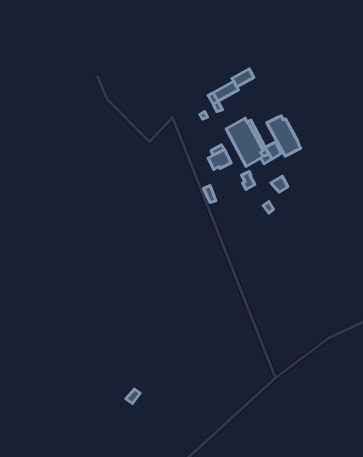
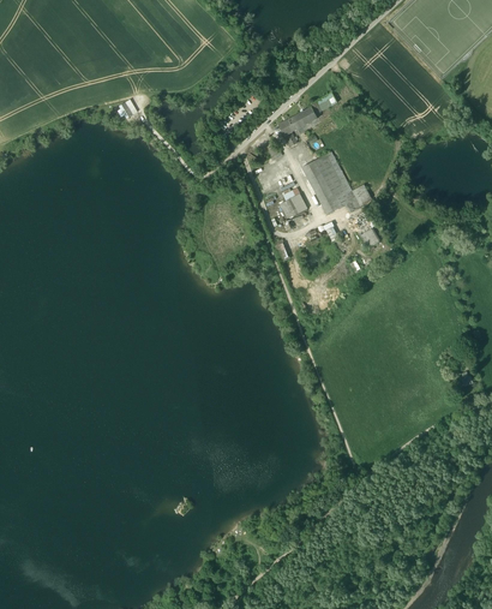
building: [267,116,301,156] -> none

